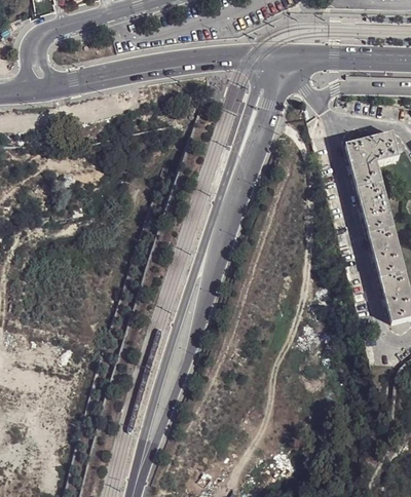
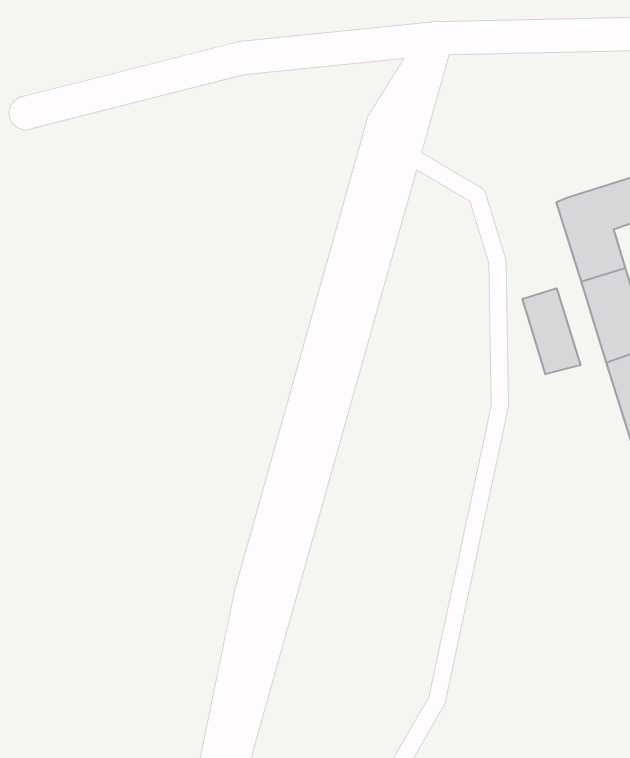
building: none -> [522,288,580,374]

